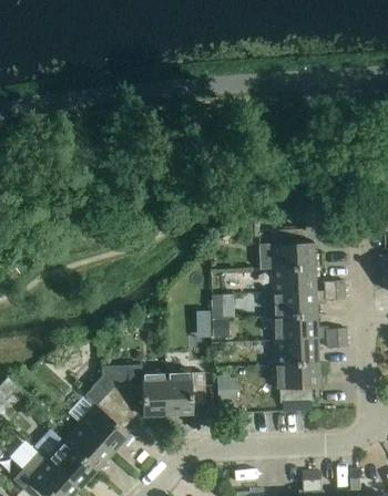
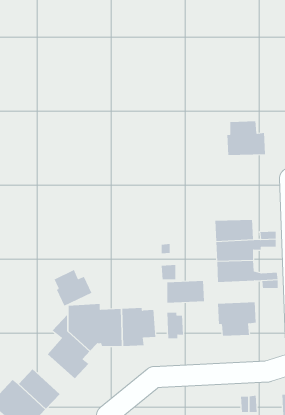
building: [272,229,317,269] -> [227,121,266,155]
building: none -> [54,269,92,306]
building: [276,339,320,365] -> [167,280,205,303]
building: [62,424,111,471] -> none

